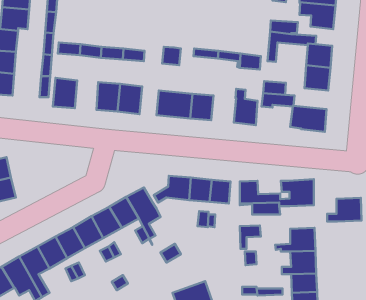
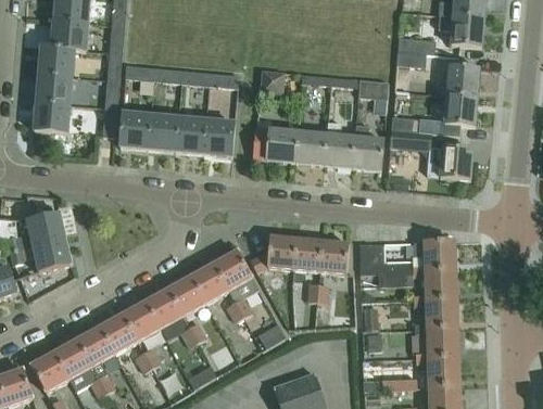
building: none -> [147,114,177,152]
building: none -> [323,122,355,168]
building: [327,198,362,221] -> [412,274,456,305]

